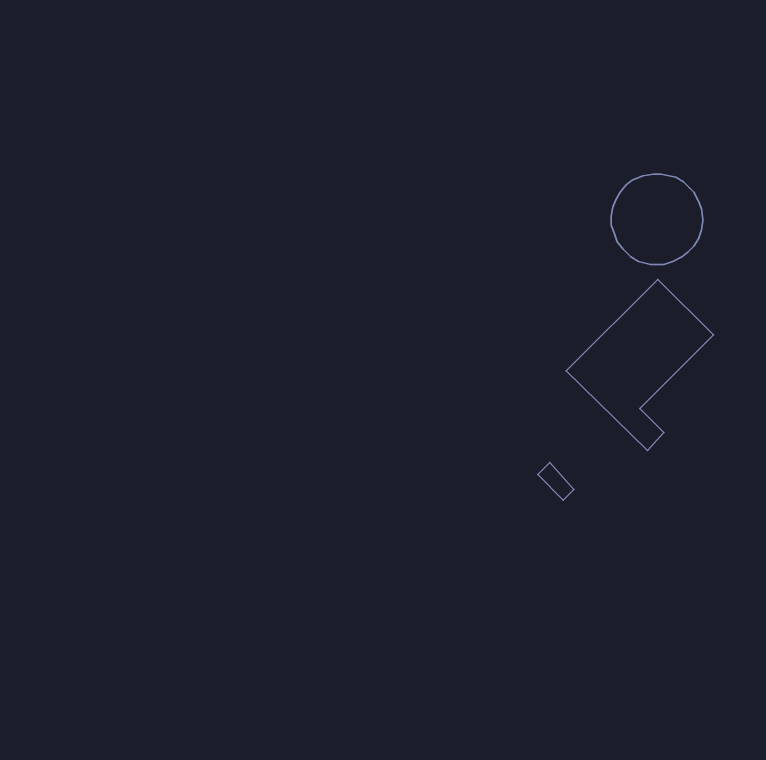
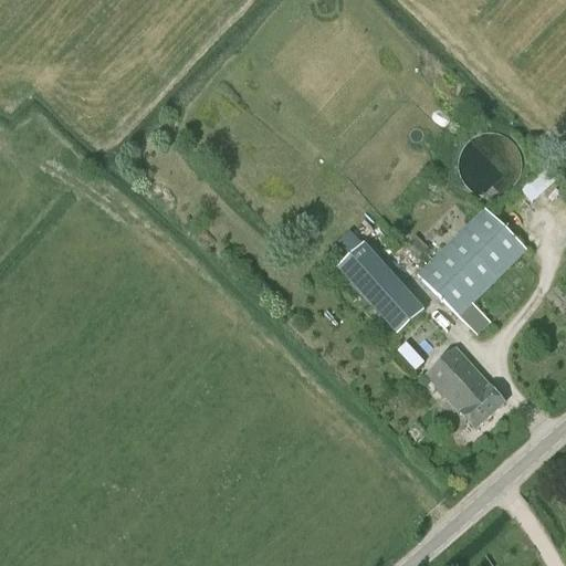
building: none -> [337,242,424,333]
building: none -> [427,347,505,427]

